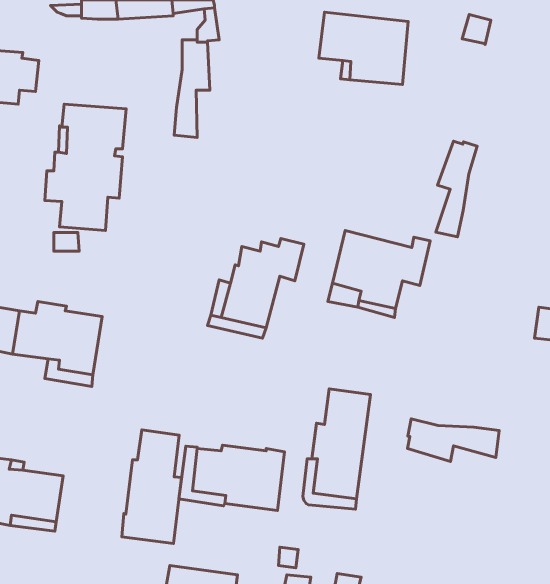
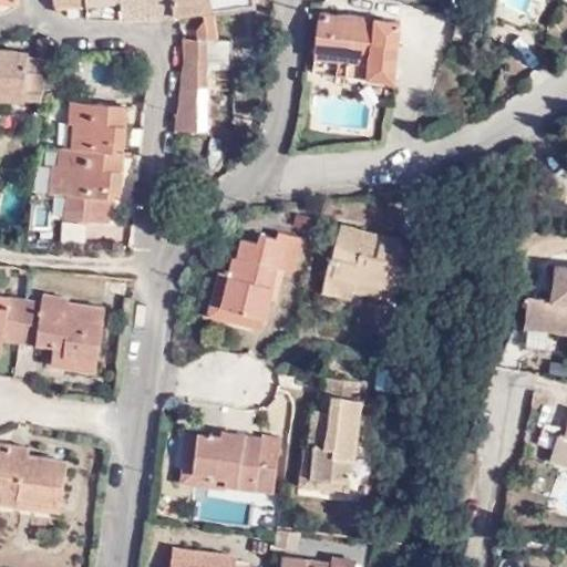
building: [436,141,477,237] -> none
building: [407,419,499,462] -> none
building: [122,430,181,543] -> none

